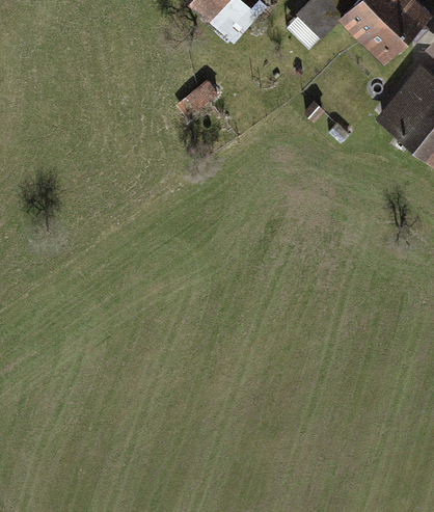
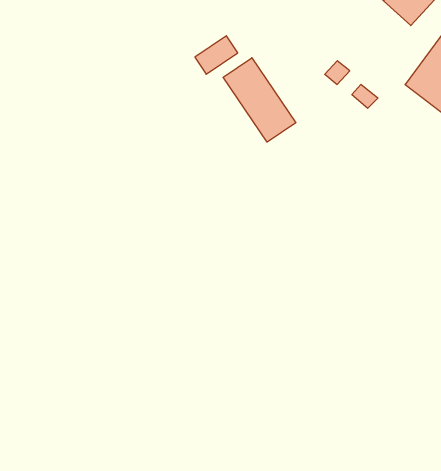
building: none -> [223,58,296,142]

